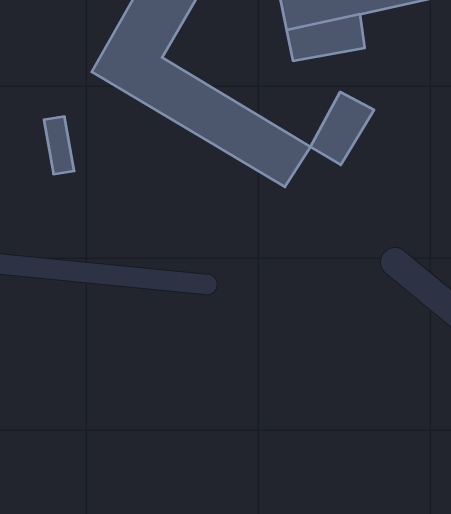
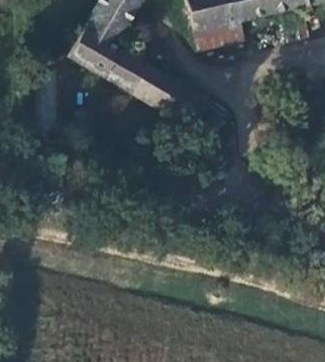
building: [311,92,374,165] -> none

